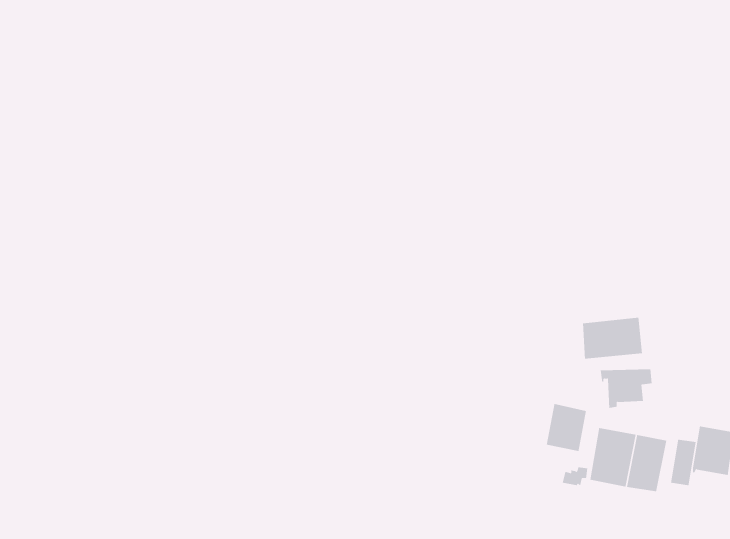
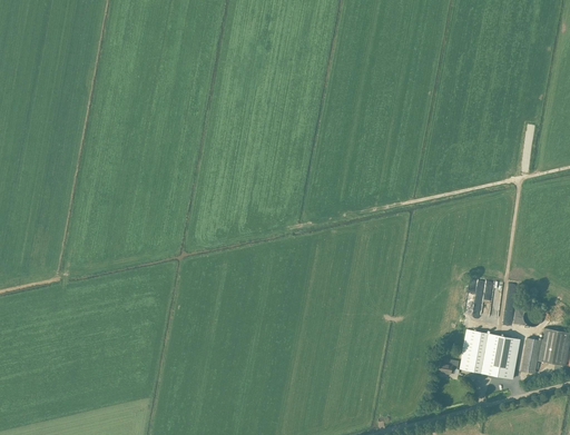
building: [583,317,642,360] -> none
building: [546,403,586,452] -> none

